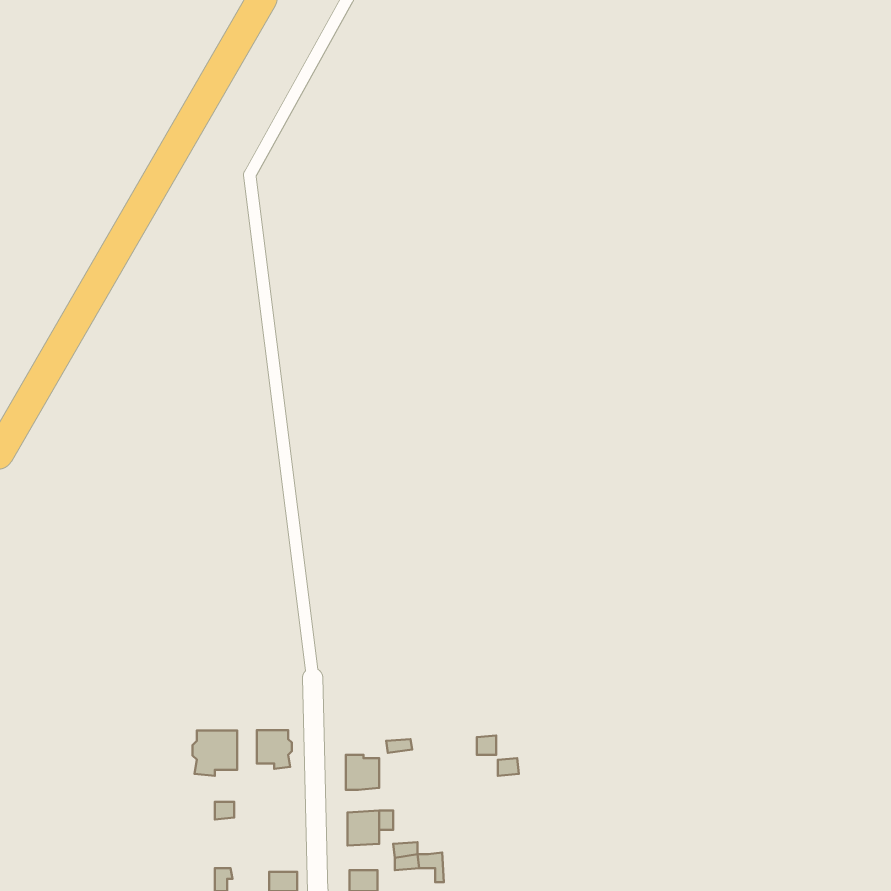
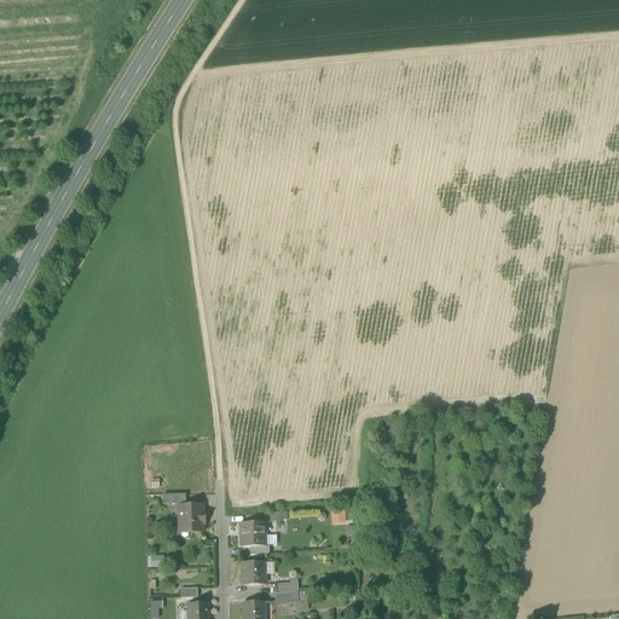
building: [192,731,237,776] -> none

